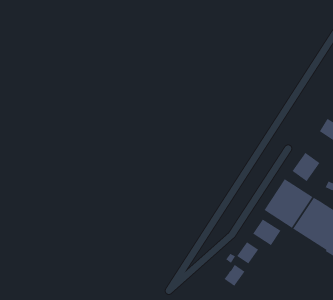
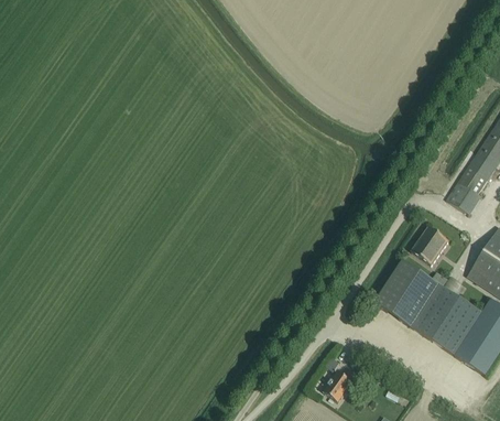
building: [252,218,281,246] -> none
building: [236,241,259,264] -> none

